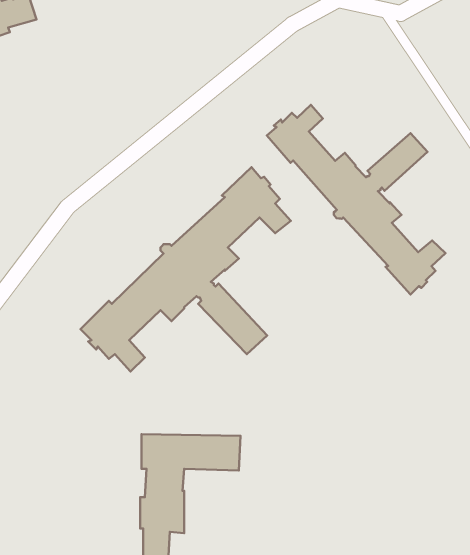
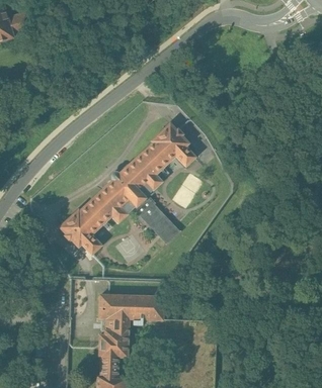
building: [267,105,445,294] -> none

